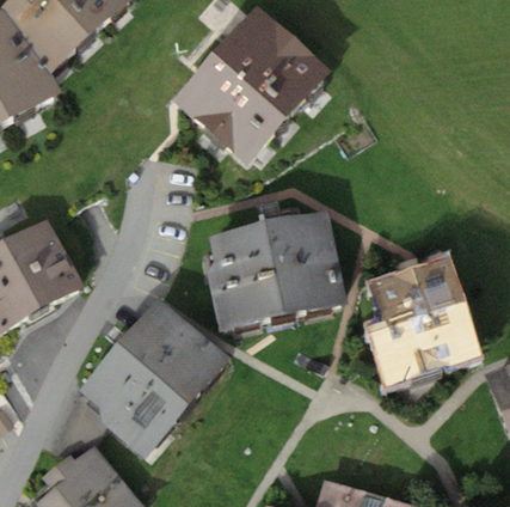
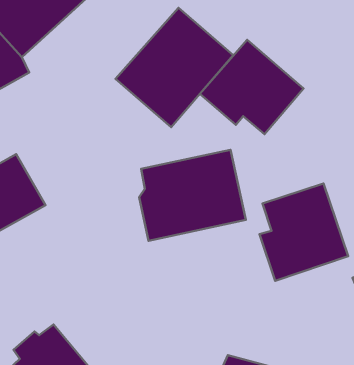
building: none -> [200,40,303,134]
building: [79,298,231,457] -> none

